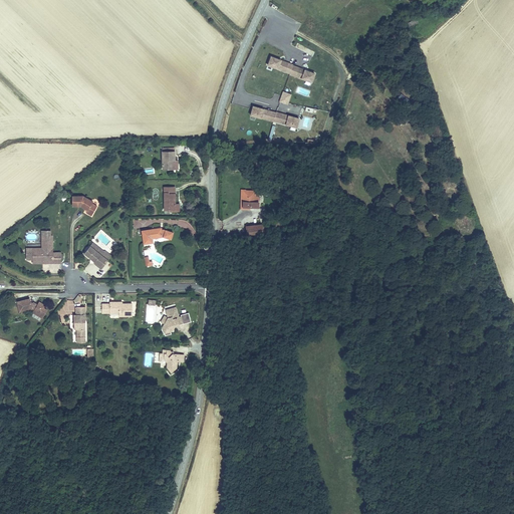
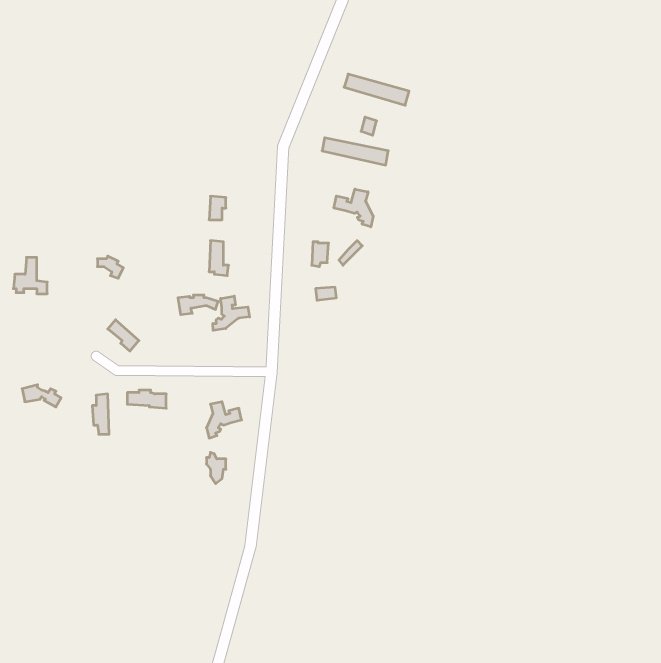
building: none -> [334,189,373,227]
building: none -> [213,296,250,330]
building: [34,235,60,263] -> [13,257,47,294]

